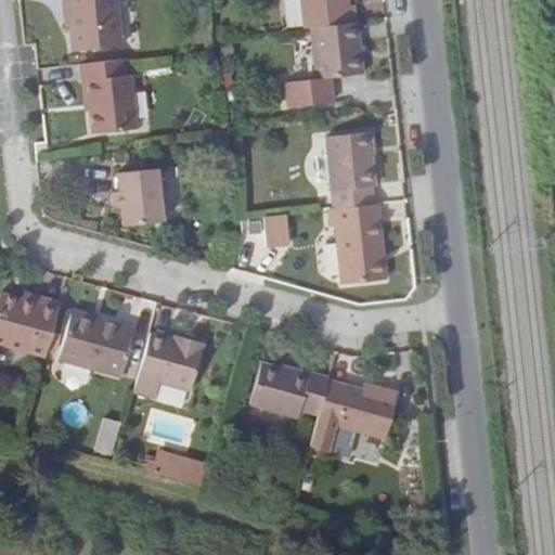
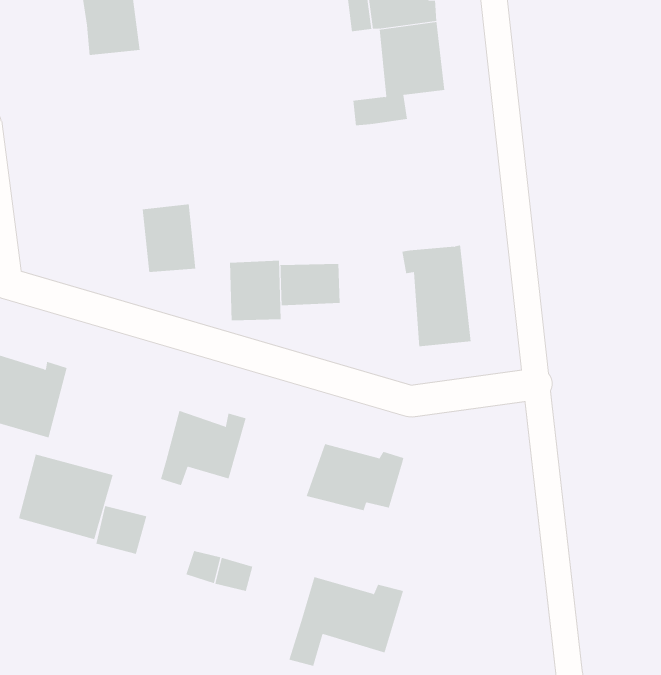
building: [81,53,142,130] -> none
building: [327,130,376,205] -> none
building: none -> [229,260,281,321]
building: [54,310,132,380] -> [18,454,113,540]
building: [309,379,403,453] -> [289,576,404,666]

